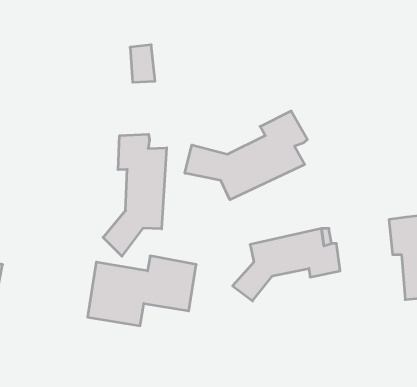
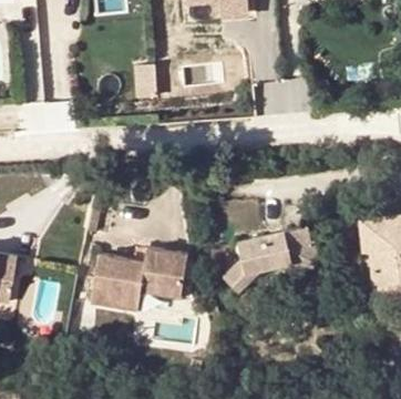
building: [185,111,307,200] -> none
building: [103,134,167,256] -> none

